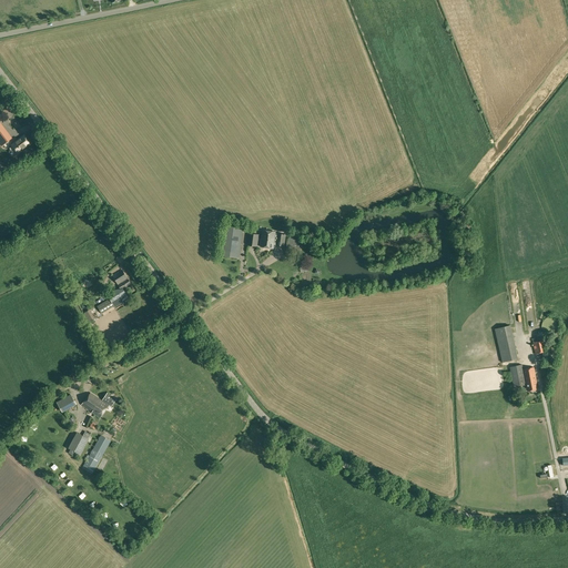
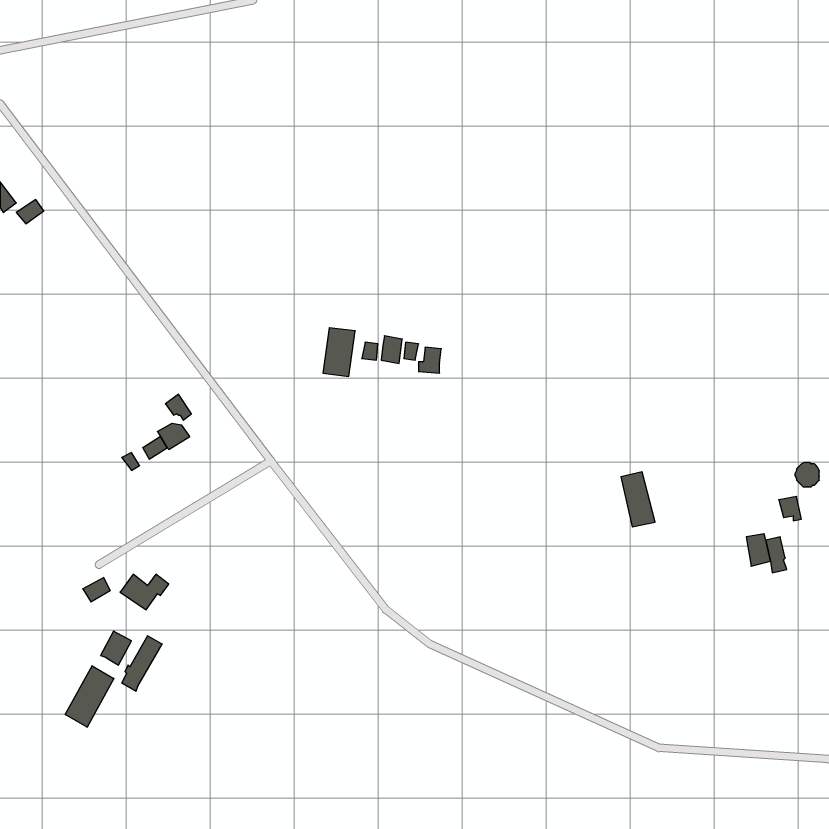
building: [495,325,518,363] -> [621,472,655,527]
building: none -> [65,666,114,727]

